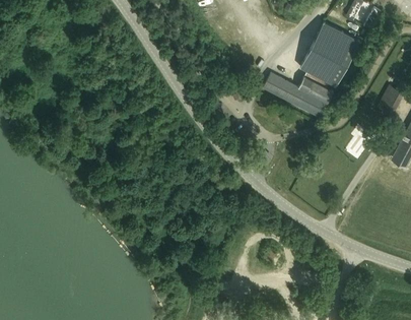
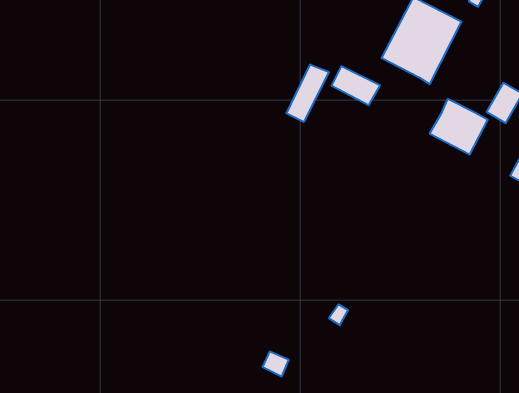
building: none -> [286,64,329,122]
building: [290,77,333,118] -> [430,99,488,154]

